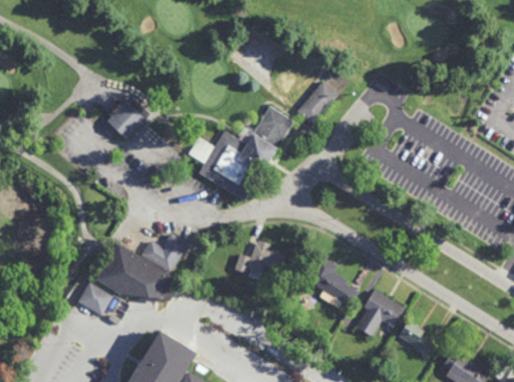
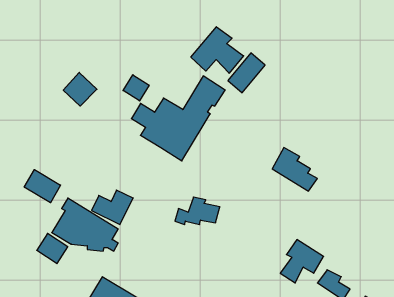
building: none -> [191,27,244,73]
building: none -> [123,75,149,101]
building: none -> [24,170,61,203]
building: [305,256,356,305] -> [272,148,317,191]

